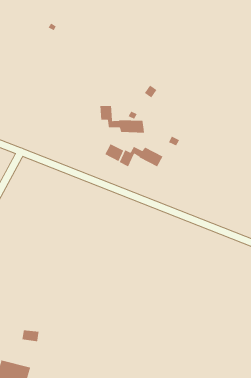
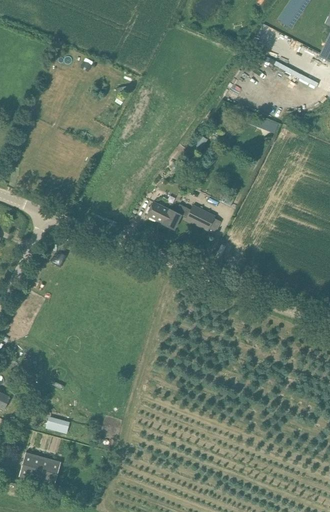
building: [99,105,145,133] -> none

